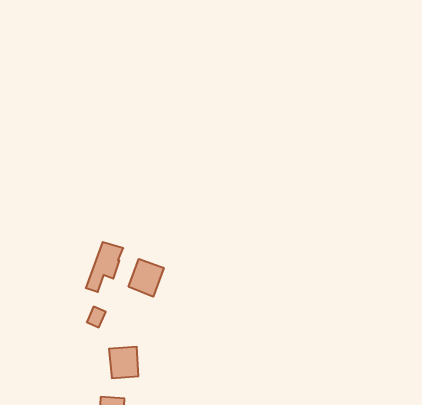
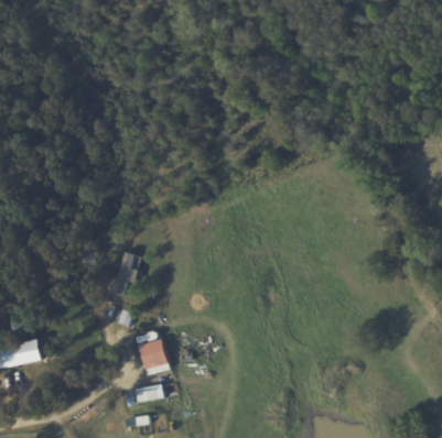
building: [129,259,164,297] -> none

